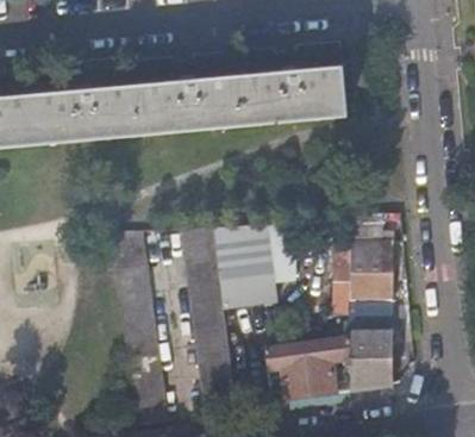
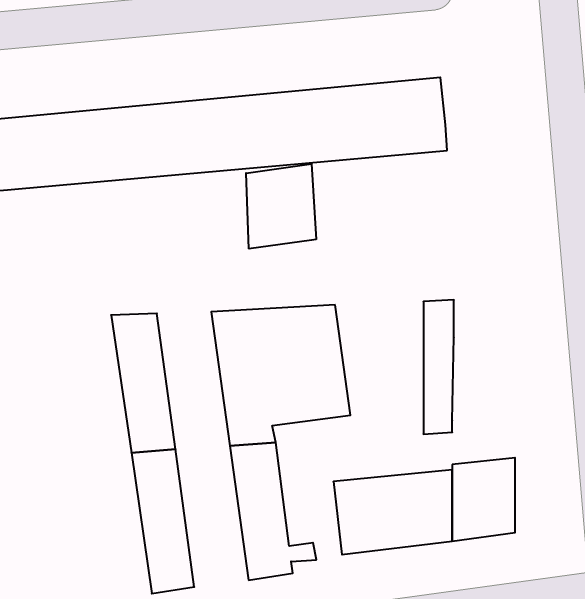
building: none -> [246,164,316,249]
building: [350,243,394,319] -> none

